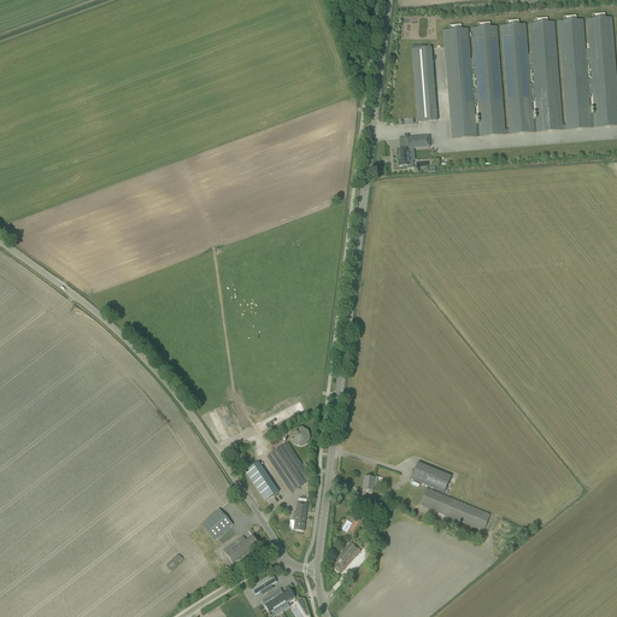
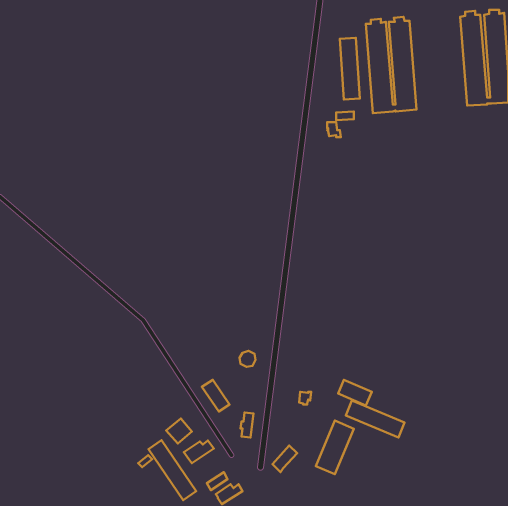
building: [500,16,563,133] -> none
building: [266,441,311,490] -> none
building: none -> [316,421,354,474]
building: none -> [148,440,196,500]

